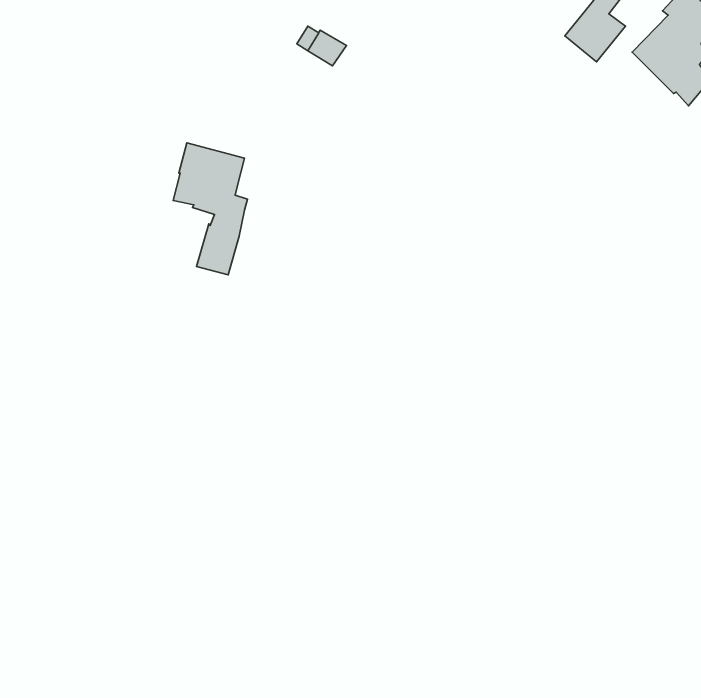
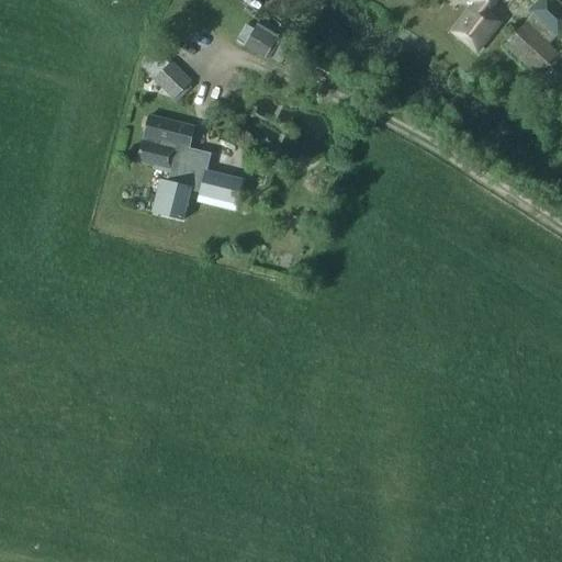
building: none -> [155,60,191,97]
building: none -> [192,168,244,204]

